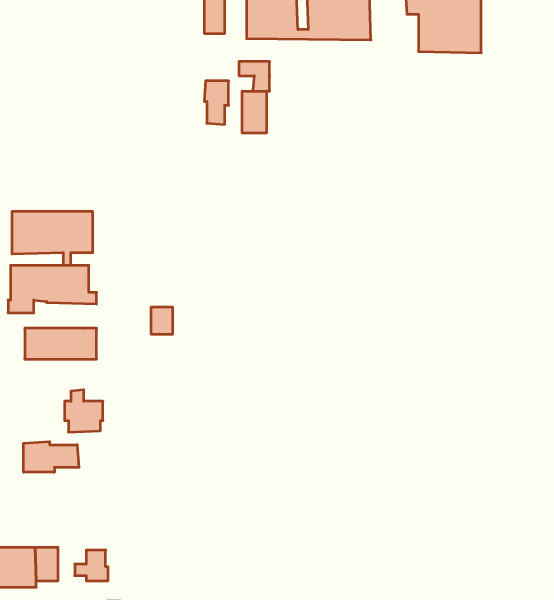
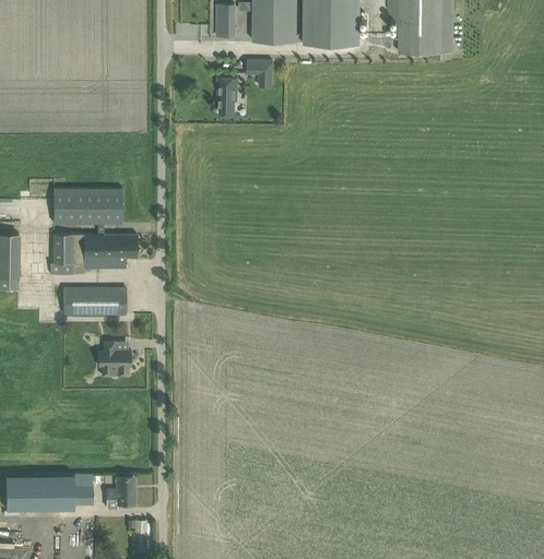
building: [242,91,266,133] -> none
building: [151,307,173,334] -> [118,235,137,258]
building: [24,442,79,472] -> none

